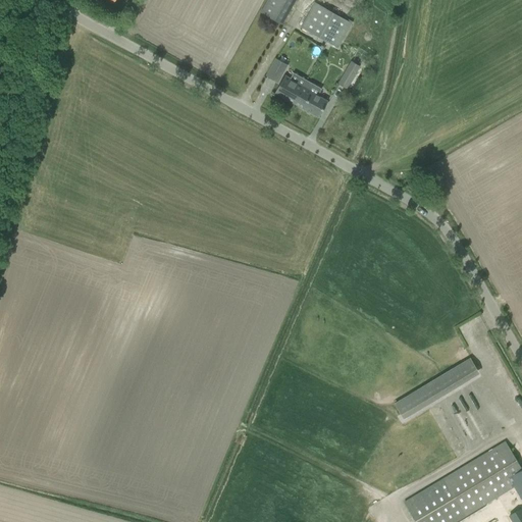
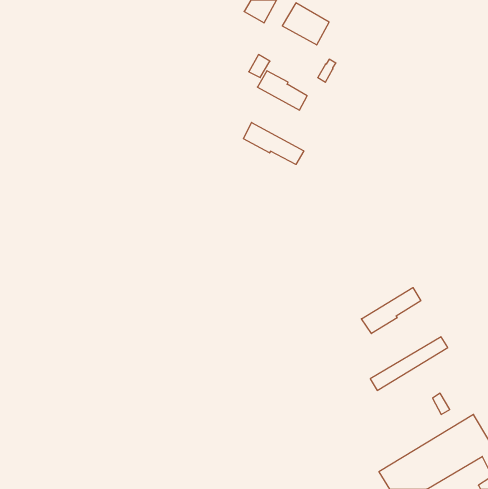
building: none -> [244,122,304,164]
building: none -> [361,288,421,334]

